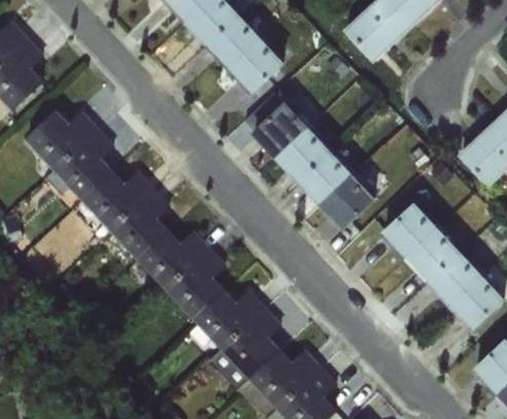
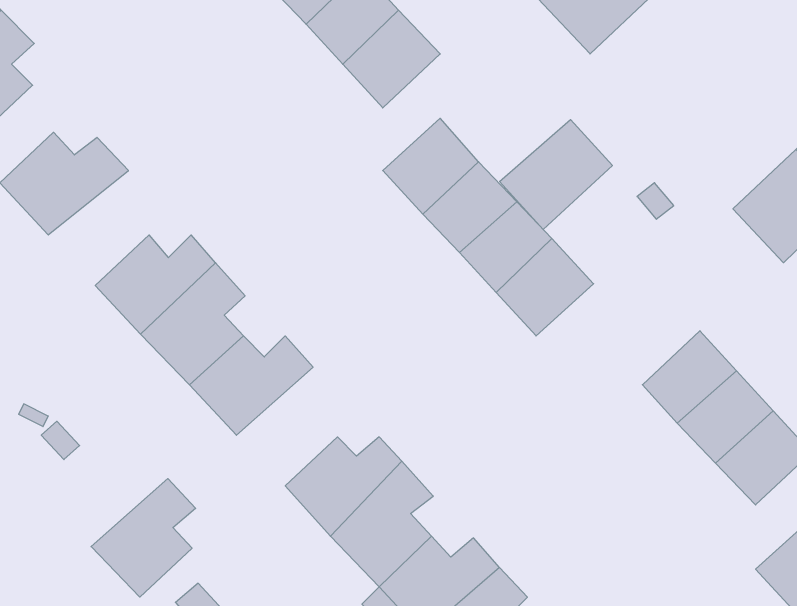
building: none -> [500,120,612,229]
building: [53,132,115,200] -> none
building: [379,201,438,259] -> none
building: [164,249,226,319] -> [91,479,196,597]

